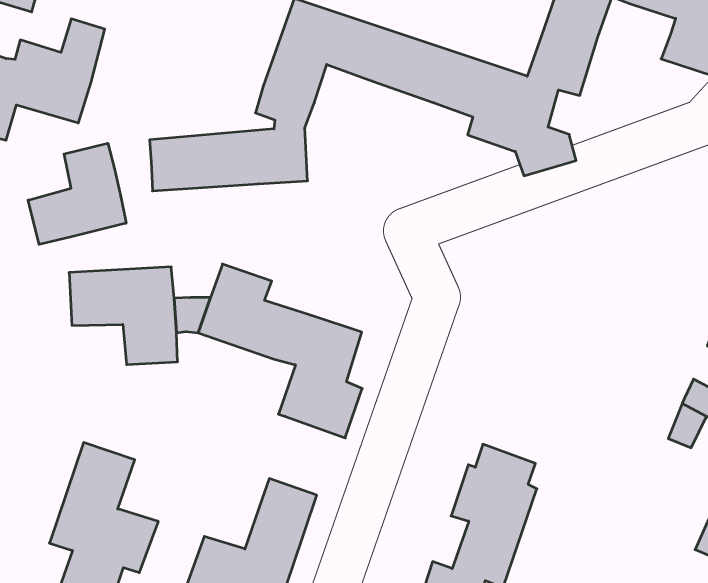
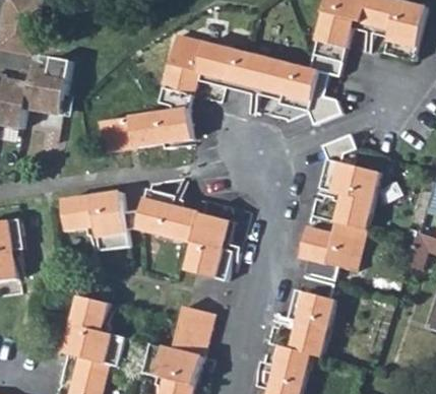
building: [28,143,126,244] -> none
building: none -> [298,133,379,279]

